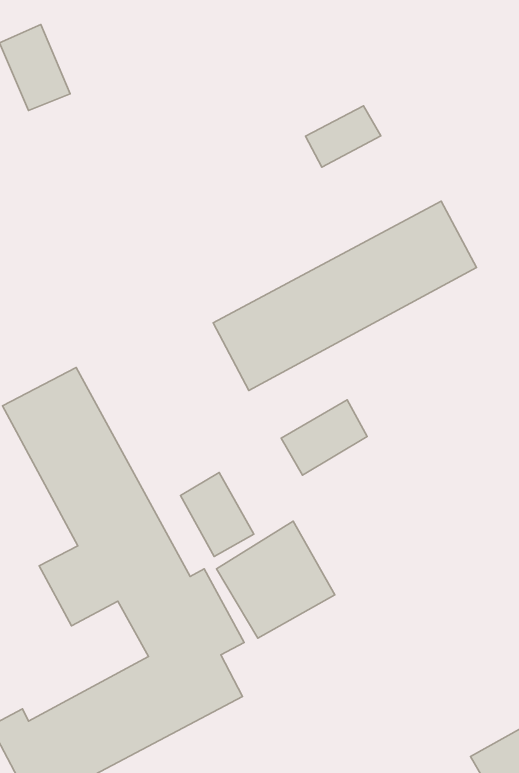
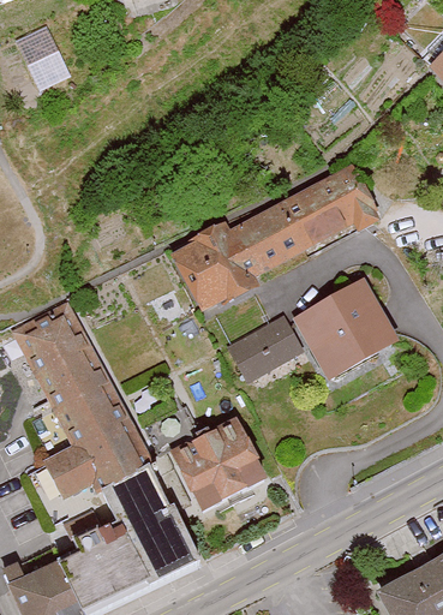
building: [305,106,381,167] -> none
building: none -> [292,282,391,377]
building: [181,472,254,556] -> none

